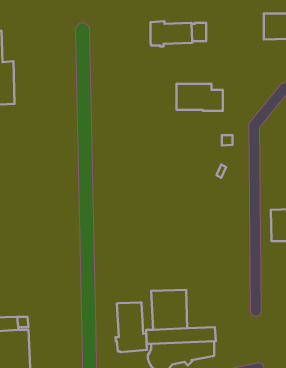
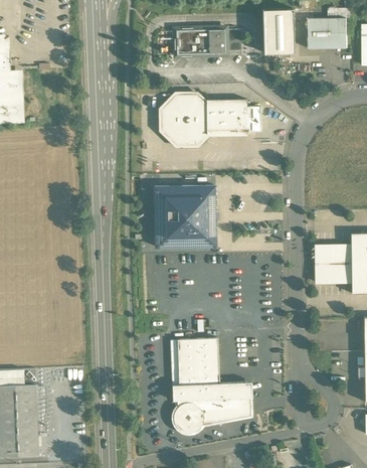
building: none -> [262,8,294,52]
building: none -> [161,94,206,144]
building: none -> [154,185,215,247]
building: [116,302,147,352] -> none

